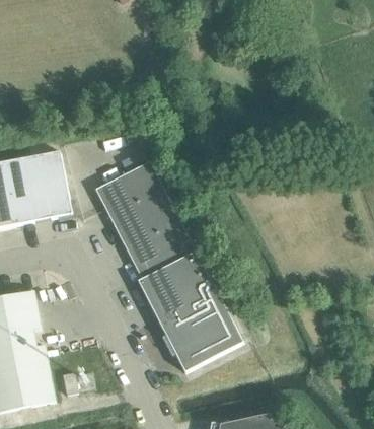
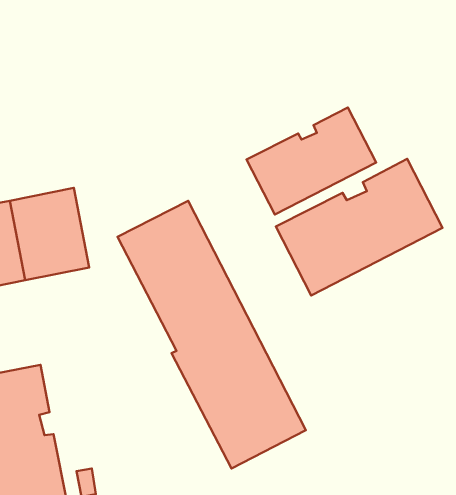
building: none -> [247,108,376,215]
building: none -> [276,159,443,295]

